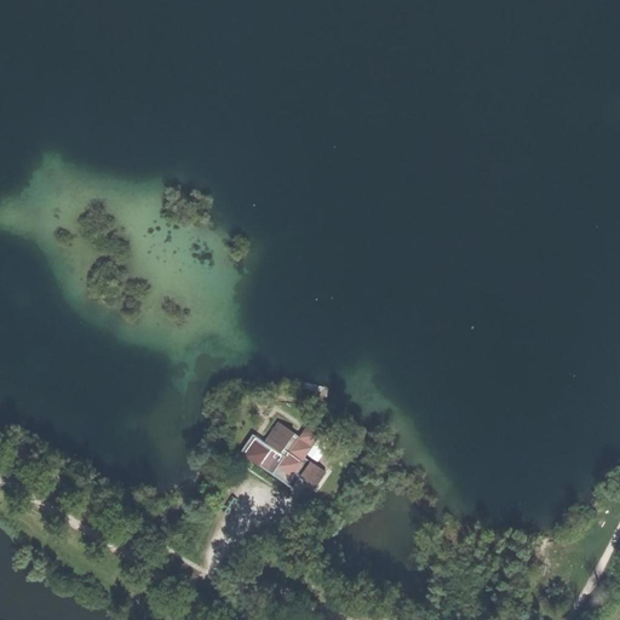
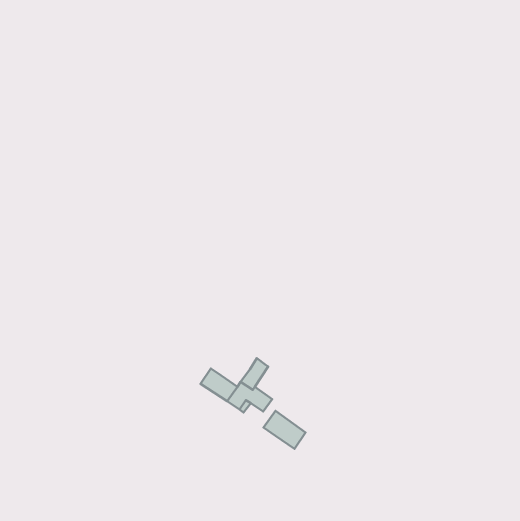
building: [265,423,299,458] -> none
building: none -> [264,411,305,449]

